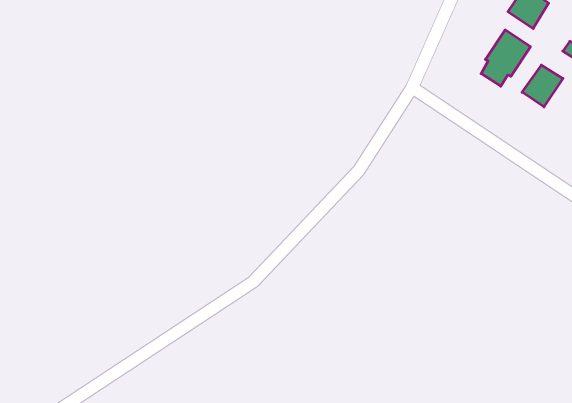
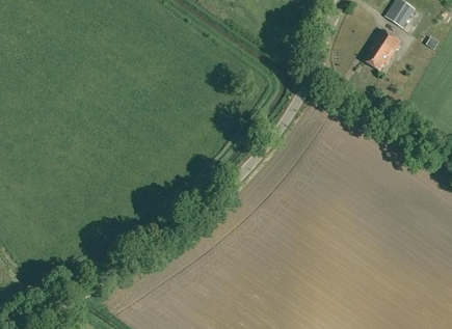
building: [522,65,563,107] -> none

